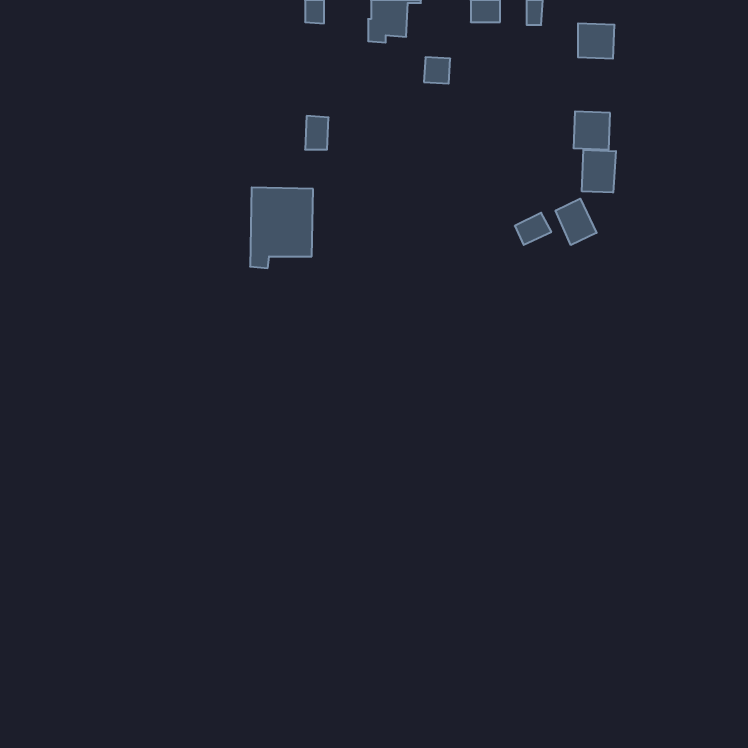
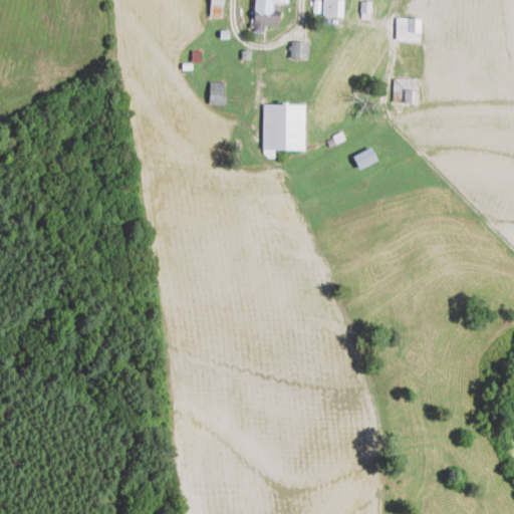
building: [582,150,616,193] -> none
building: [250,187,313,268] -> [263,102,306,158]
building: [556,199,597,245] -> none

